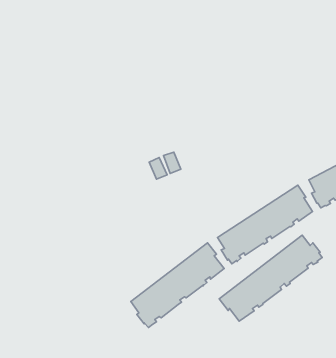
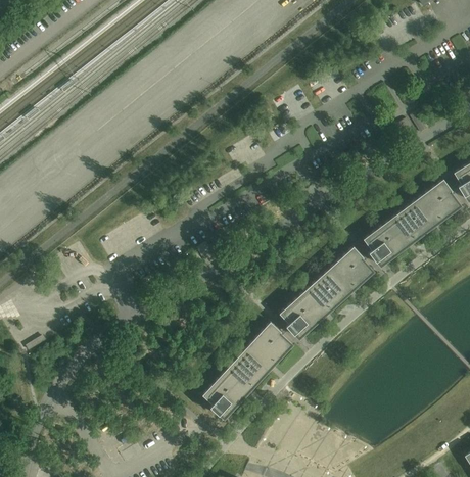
building: [219,235,322,321] -> none

